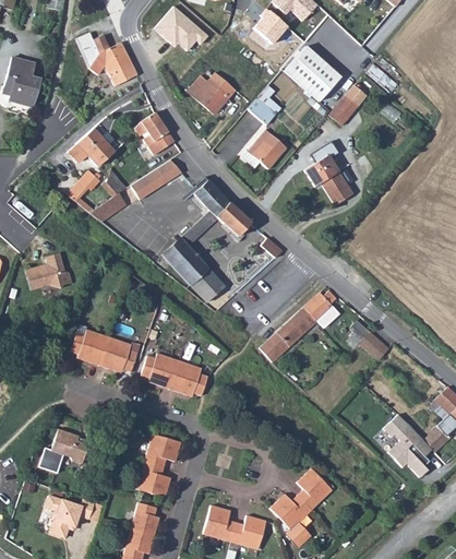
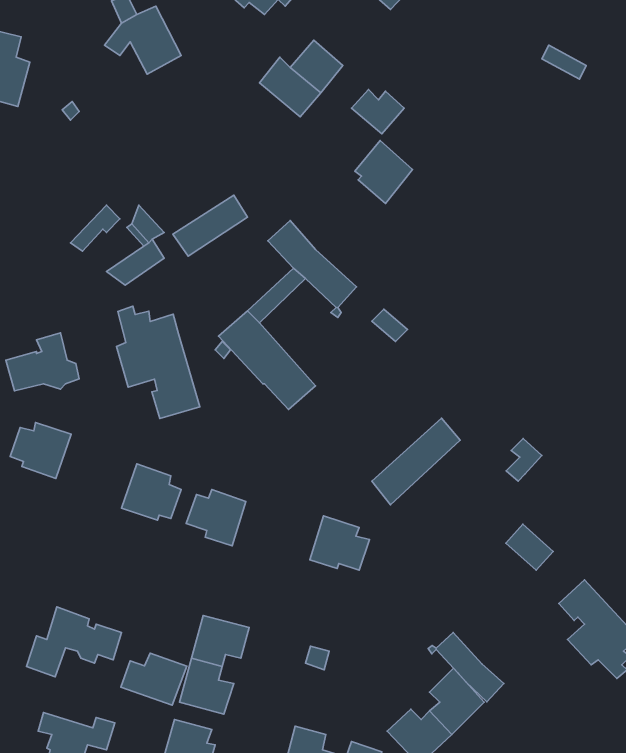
building: [284,46,340,102] -> none
building: [328,95,358,126] -> none
building: [135,112,175,155] -> none
building: [68,129,113,166] -> none
building: [304,155,352,205] -> none
building: none -> [117,306,200,418]
building: [304,290,336,321] -> none
building: [70,329,109,365] -> [10,422,71,479]
building: [358,331,388,360] -> [506,524,553,570]
building: [170,360,208,395] -> [310,516,369,570]
building: none -> [428,633,504,702]
building: none -> [121,653,187,705]

